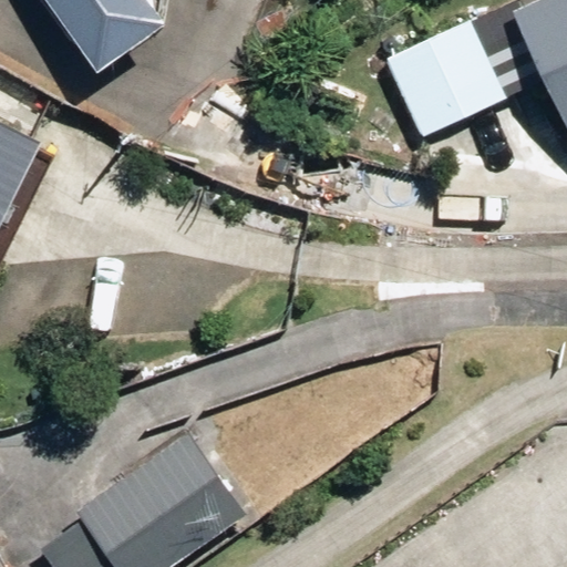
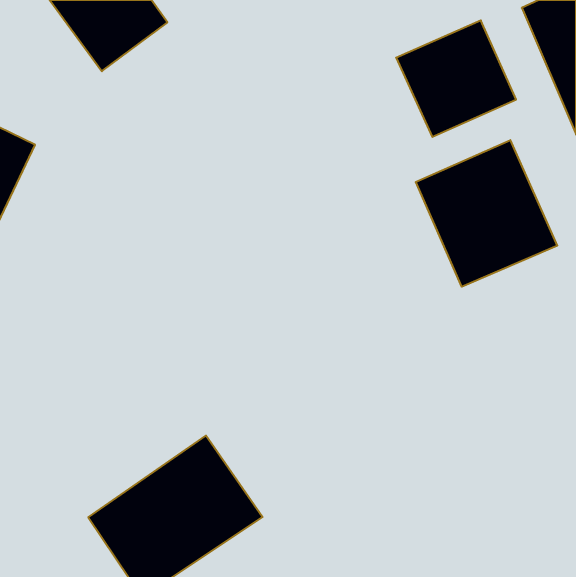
building: none -> [416,140,557,287]

